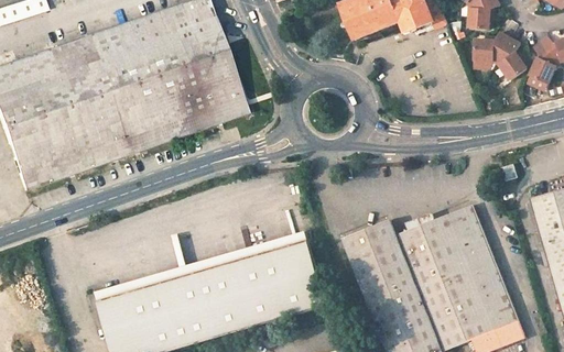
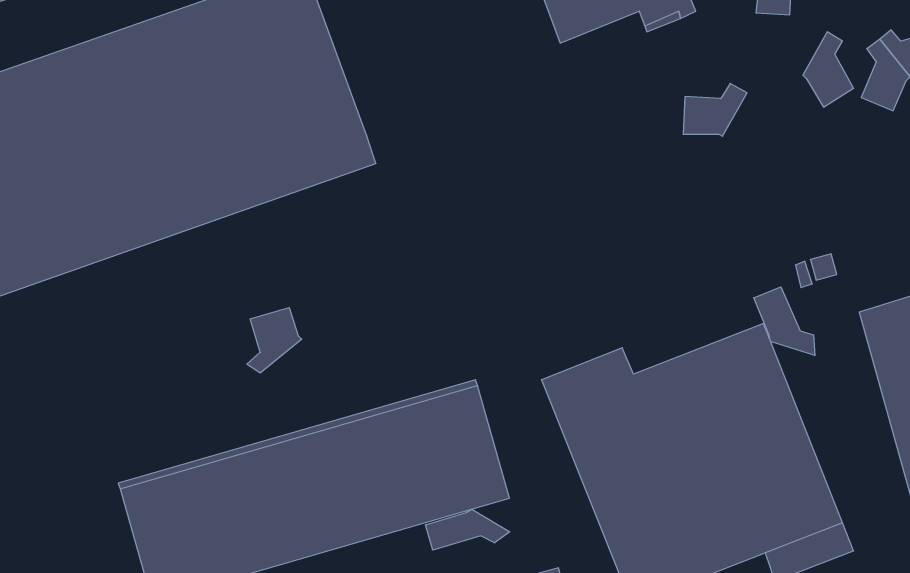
building: [474,28,511,58] -> [683,83,747,136]
building: none -> [754,287,815,356]
building: none -> [247,308,302,373]
building: none -> [426,509,510,550]

